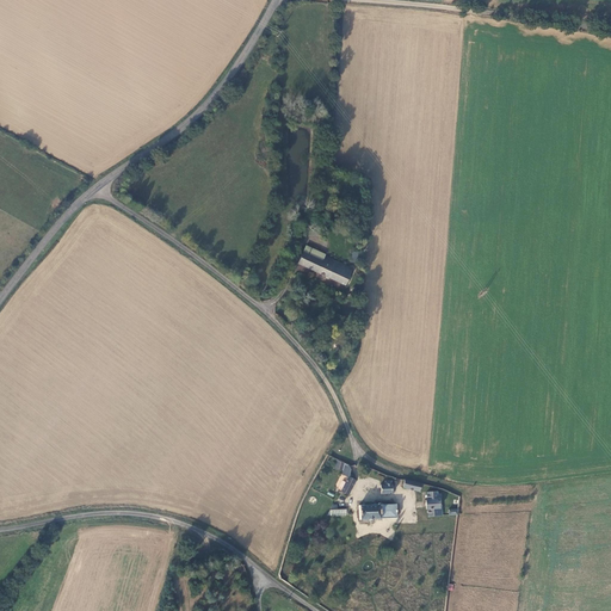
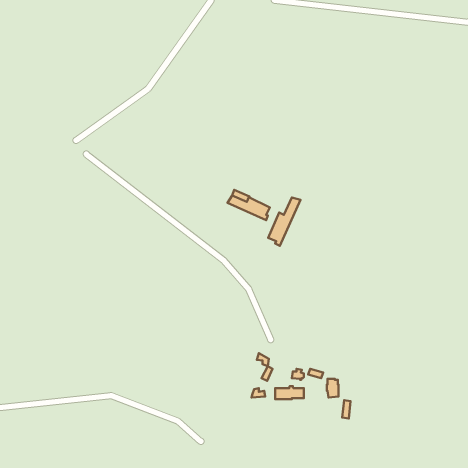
building: none -> [268,198,300,246]

